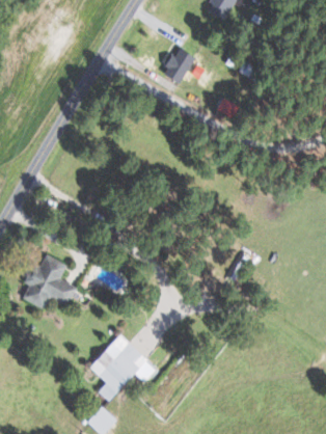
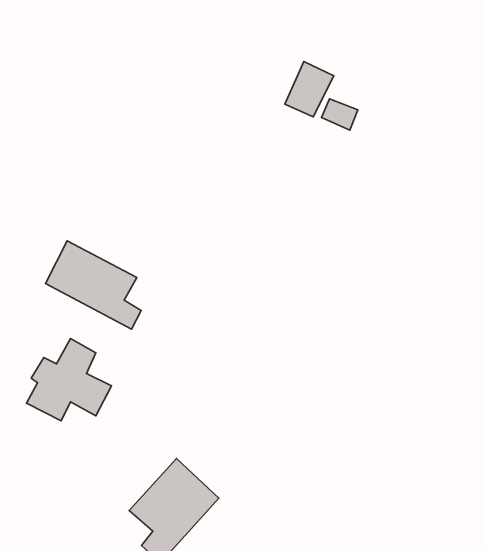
building: [163,47,195,83] -> [285,62,334,117]
building: none -> [45,241,141,329]

